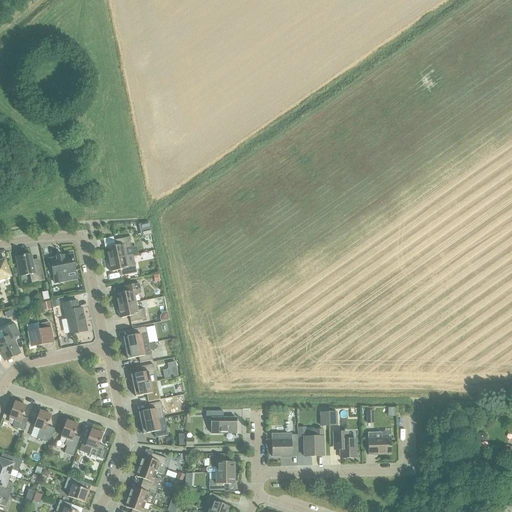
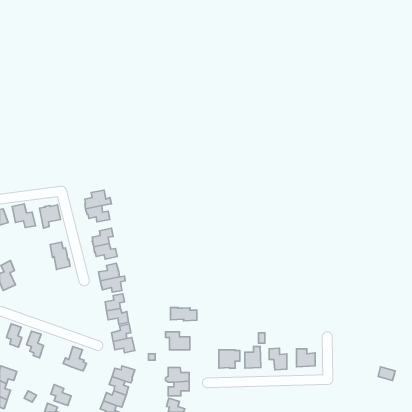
building: [26,321,53,348] -> none
building: none -> [170,307,197,321]
building: [60,419,79,455] -> none

